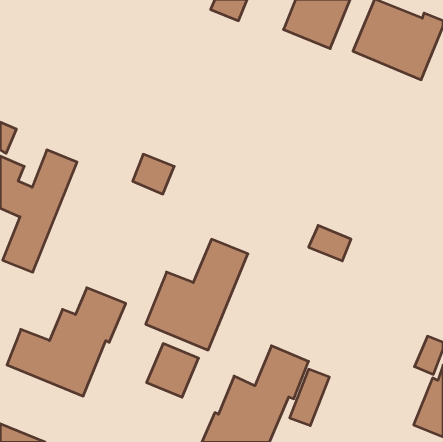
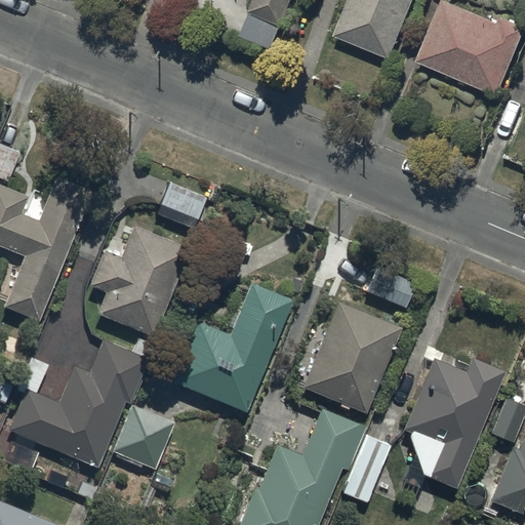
building: none -> [89,226,190,337]
building: none -> [301,302,401,415]
building: none -> [402,358,504,490]
building: [147,344,199,397] -> [113,406,174,470]

